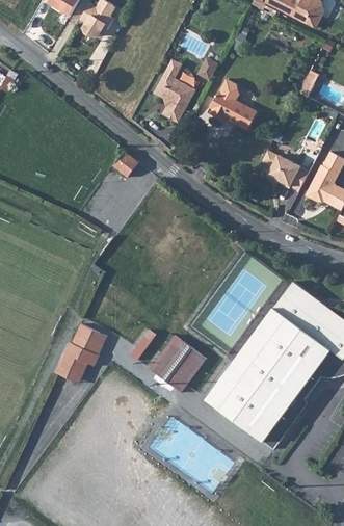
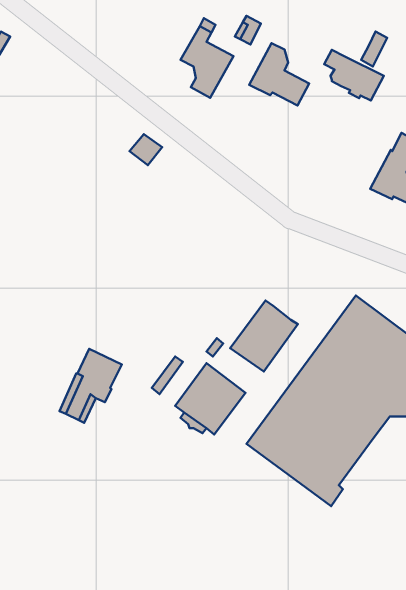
building: [261,150,309,190] -> [324,50,384,101]
building: none -> [230,300,298,371]

